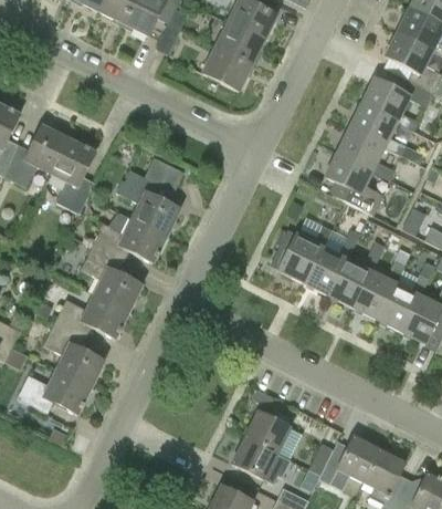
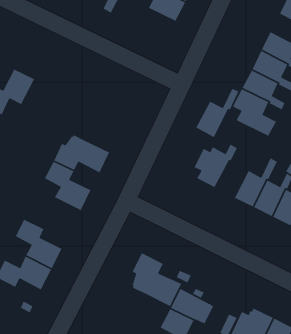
building: [203,48,252,91] -> none
building: [52,139,96,215] -> none
building: [116,156,185,235] -> none
building: [303,229,360,294] -> [195,88,240,138]
building: [51,293,129,337] -> none
building: none -> [131,252,182,307]

